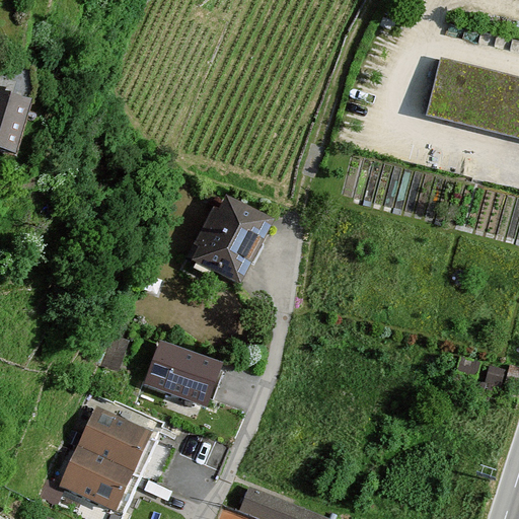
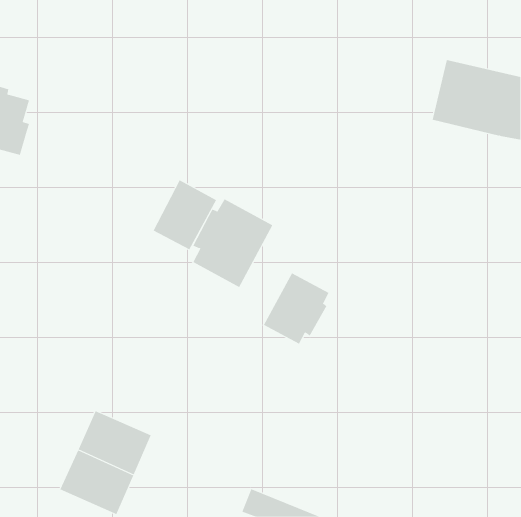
building: none -> [153,180,217,250]
building: none -> [263,272,329,345]
building: [149,346,223,405] -> none

